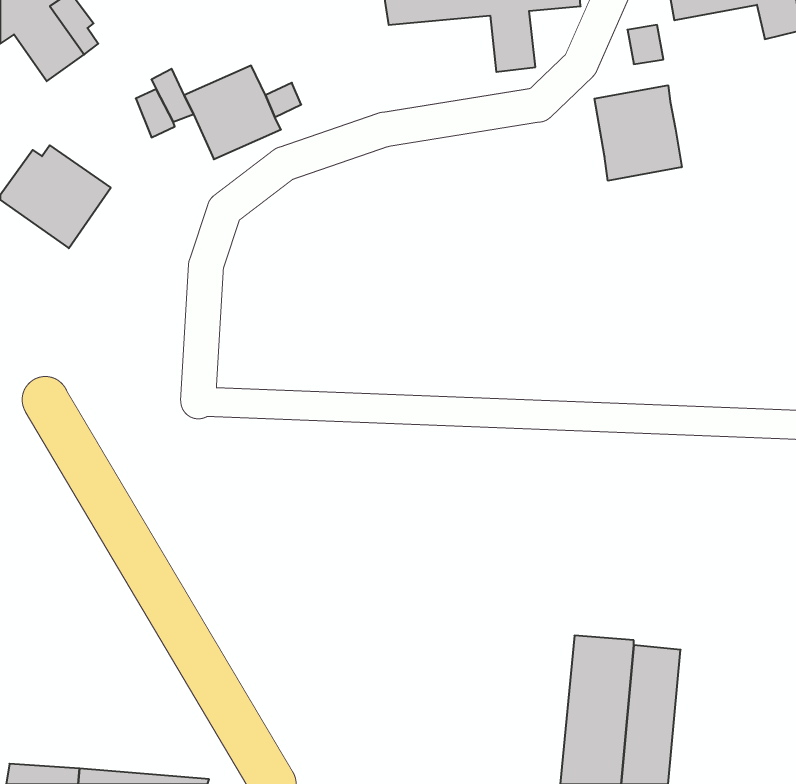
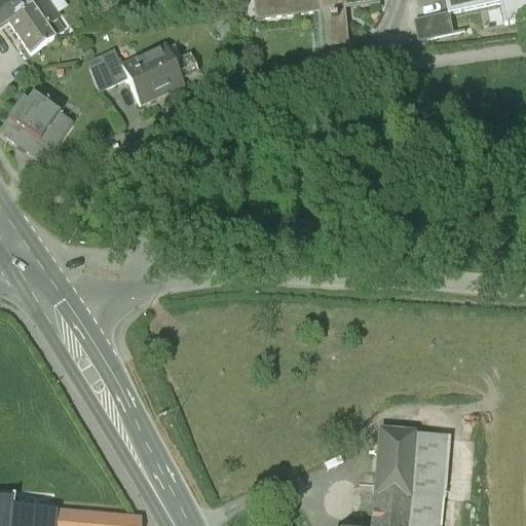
building: [594,85,682,181] -> none

